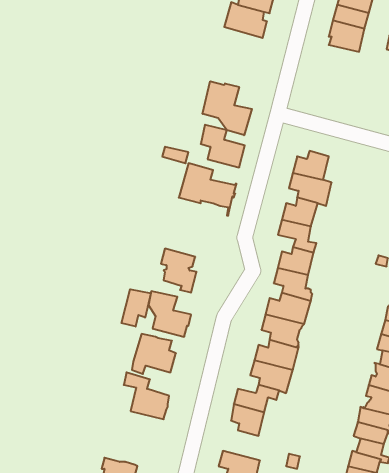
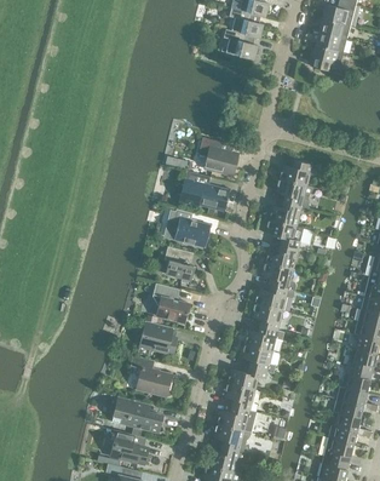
building: [203,81,252,135] -> none
building: none -> [171,208,212,246]
building: [121,289,151,327] -> none
building: none -> [113,395,165,433]
building: none -> [219,405,258,431]

